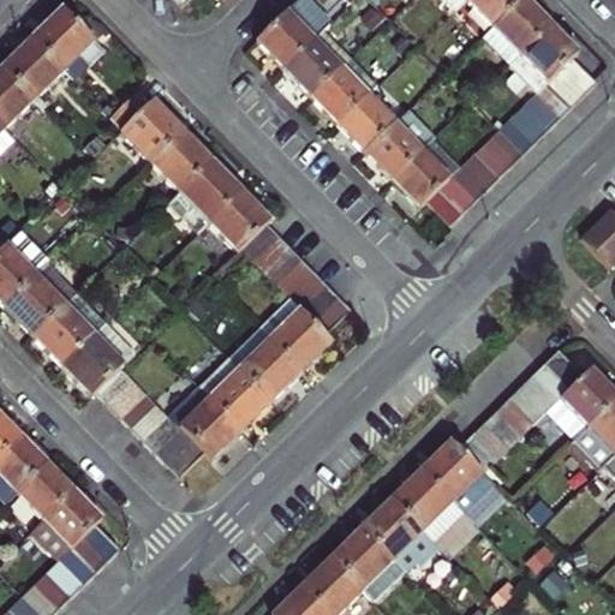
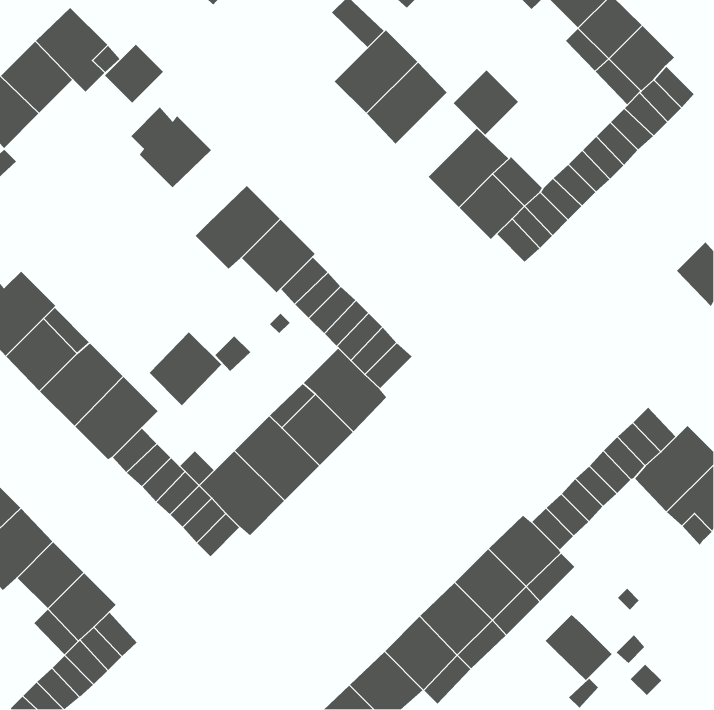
building: [255,11,315,70] -> none
building: none -> [104,44,164,103]
building: [339,95,395,151] -> [453,69,519,135]
building: [148,129,211,191] -> none
building: none -> [149,331,222,406]
building: none -> [545,614,613,681]

